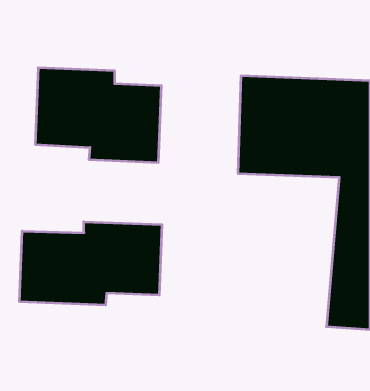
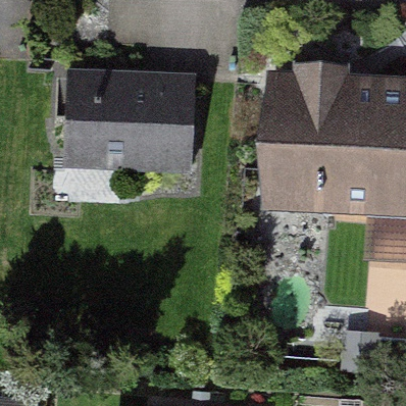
building: [20,222,162,305] -> none

